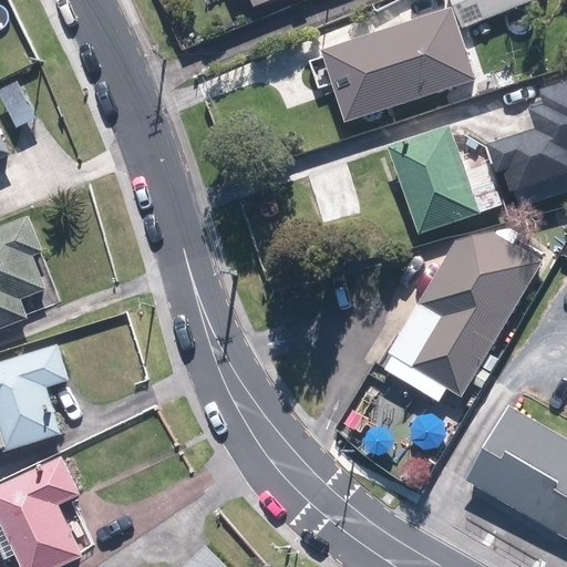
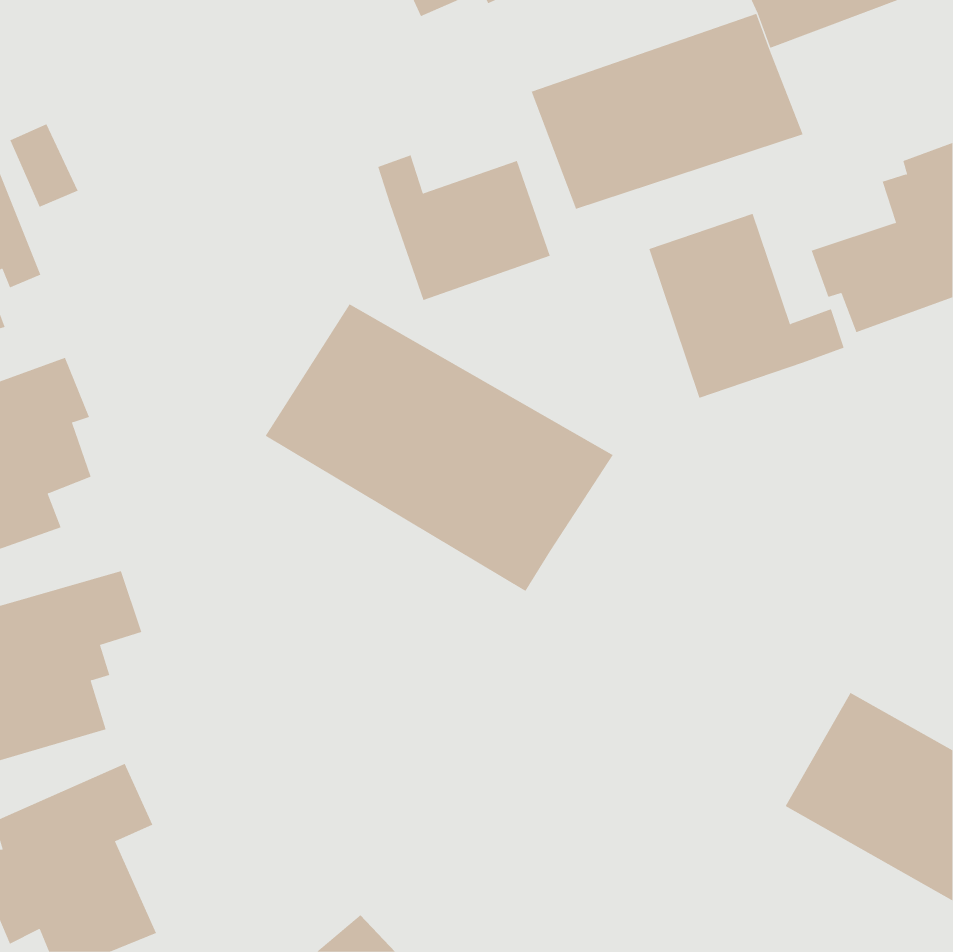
building: none -> [377,155,551,301]
building: none -> [265,303,613,592]
building: [384,233,540,400] -> none

